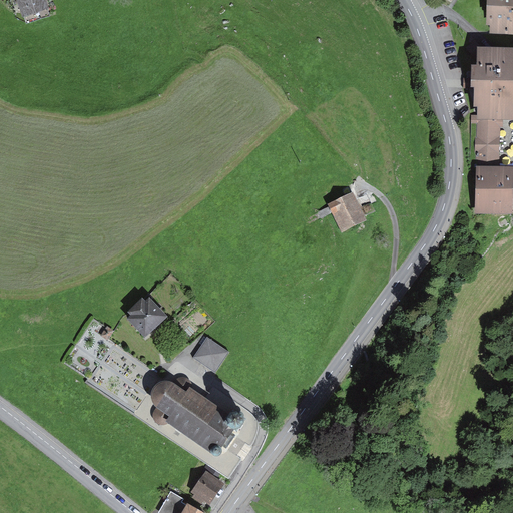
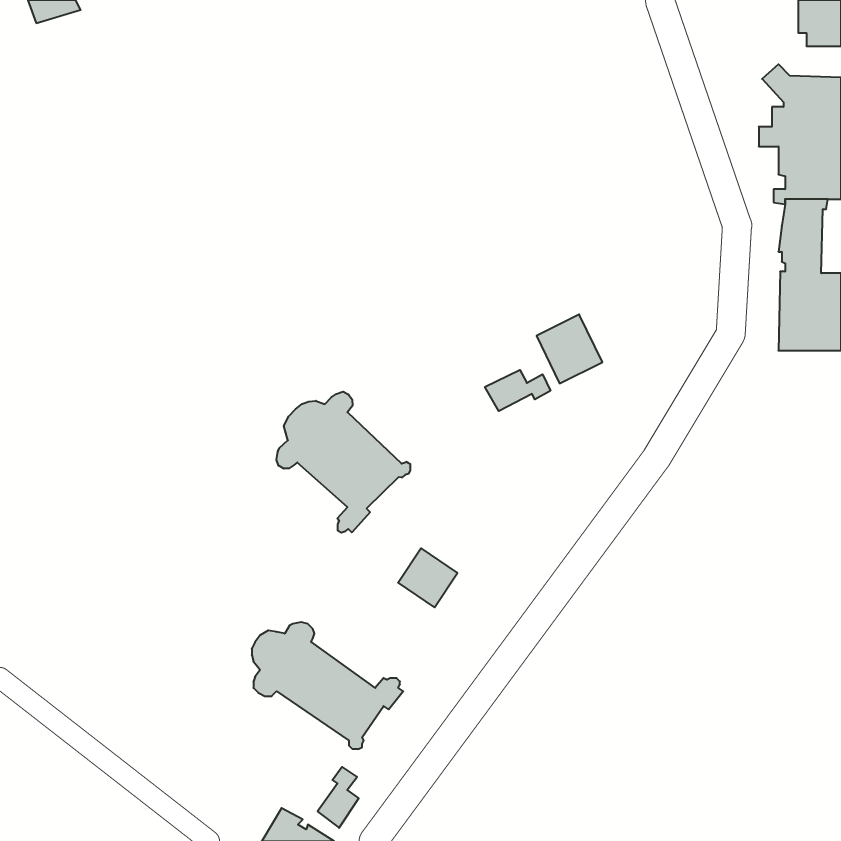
building: none -> [485,370,550,411]
building: none -> [276,392,410,533]
building: [127,297,168,338] -> none
building: [193,337,229,373] -> [398,548,457,607]

